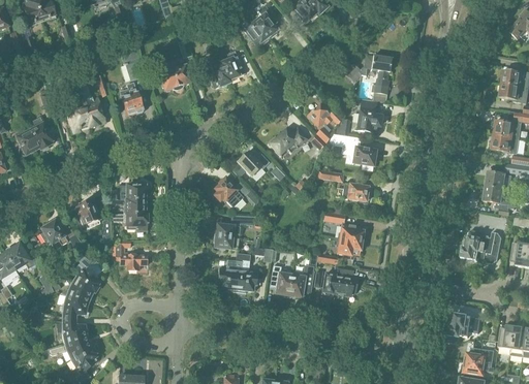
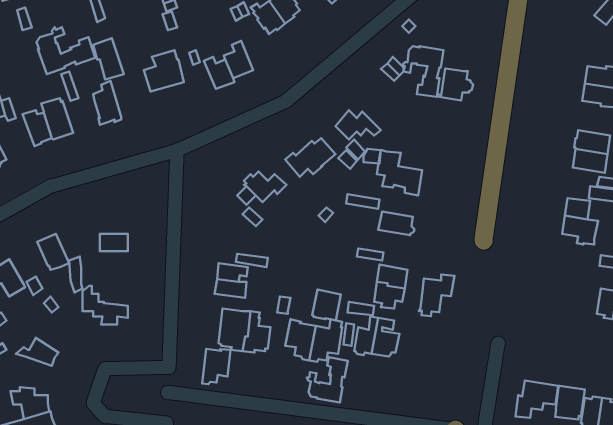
building: none -> [36,27,95,74]
building: [354,107,382,132] -> [437,68,473,100]
building: [215,179,244,206] -> none
building: [112,182,148,202] -> none
building: [112,214,147,229] -> none
building: [461,230,501,263] -> none
building: none -> [419,274,455,316]
building: none -> [312,289,341,320]
building: [74,262,101,292] -> none
building: none -> [202,349,230,384]
building: [60,295,88,320] -> none
building: none -> [307,357,348,403]
building: none -> [555,386,585,419]

